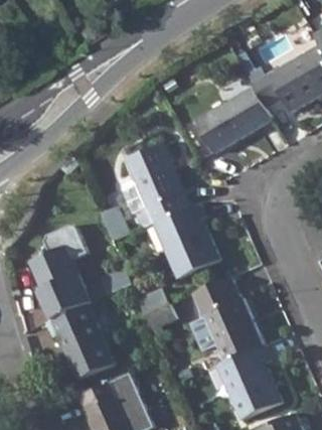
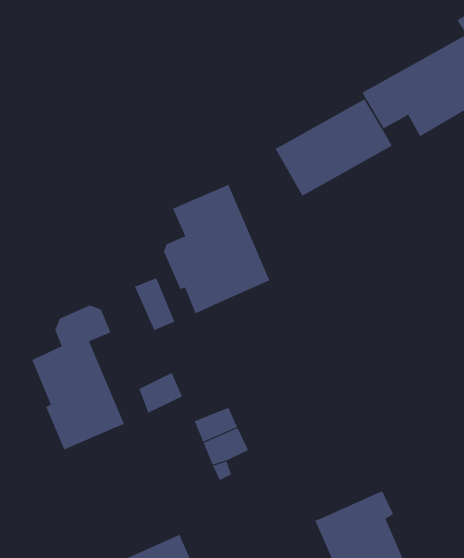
building: [153,204,219,280] -> none
building: [191,278,262,365] -> none
building: [46,305,115,381] -> none

